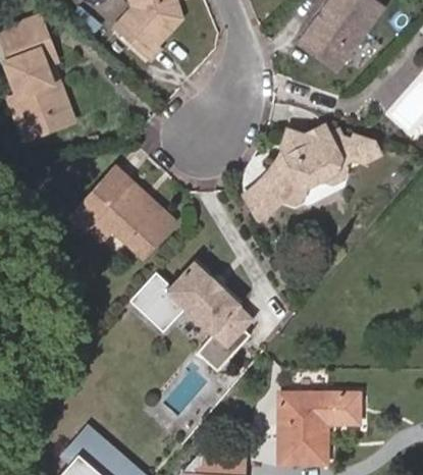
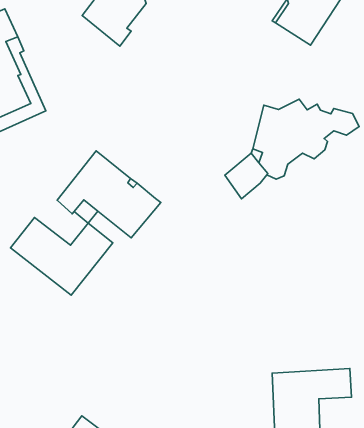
building: none -> [10,218,113,295]
building: [131,262,253,372] -> none

